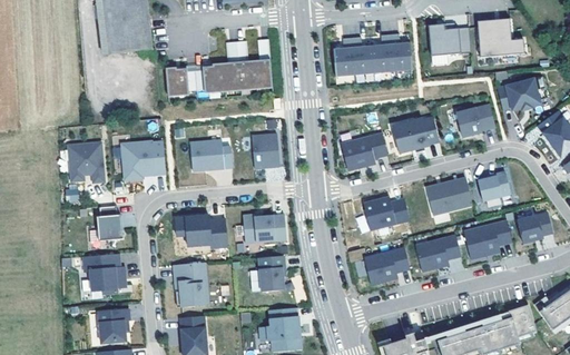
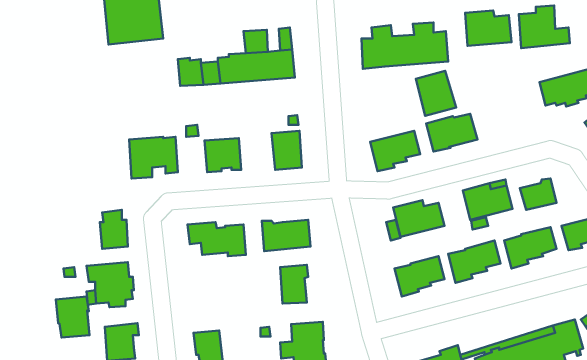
building: none -> [416,71,456,116]
building: [456,105,495,137] -> none
building: [66,142,102,184] -> none
building: [174,263,207,307] -> none
building: none -> [56,296,90,338]

